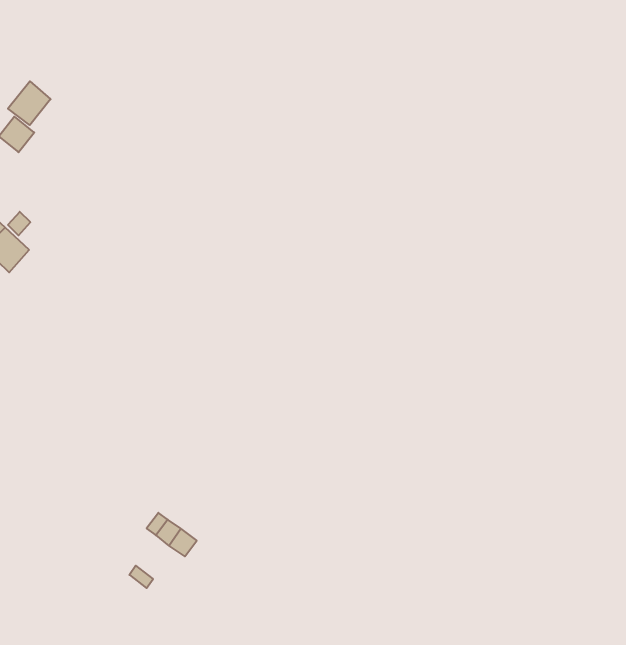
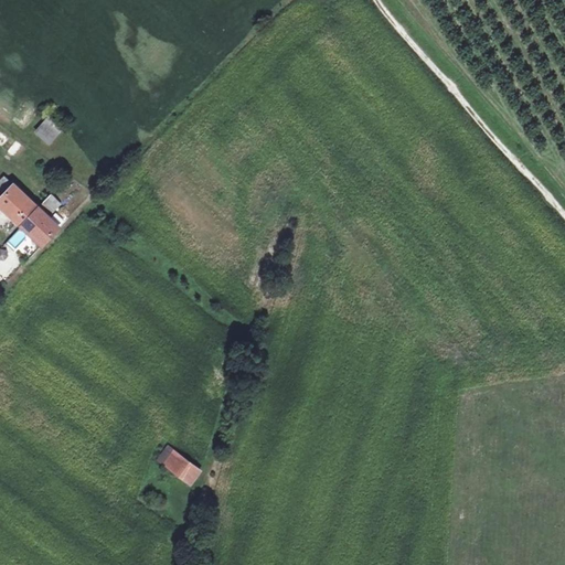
building: [8,81,51,125] -> none

